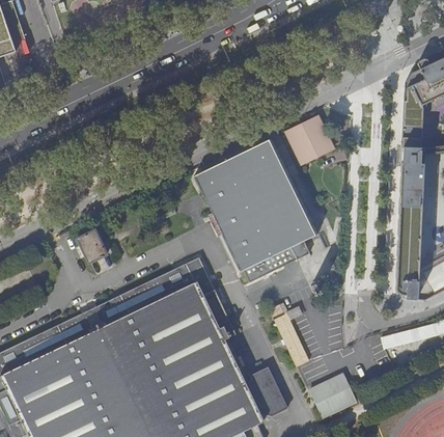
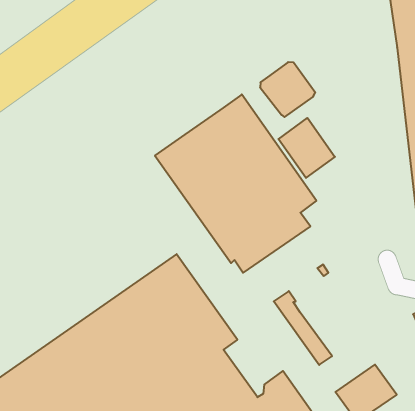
building: none -> [278,118,335,178]
building: [77,229,107,264] -> none

